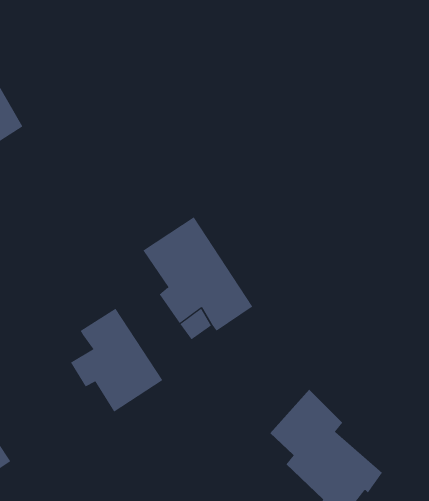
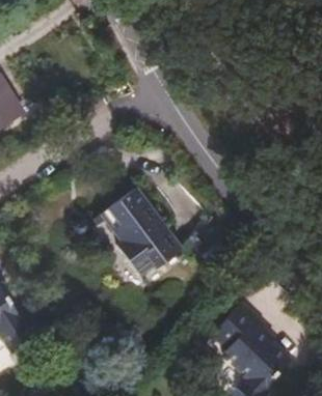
building: [70,308,163,413] -> none

